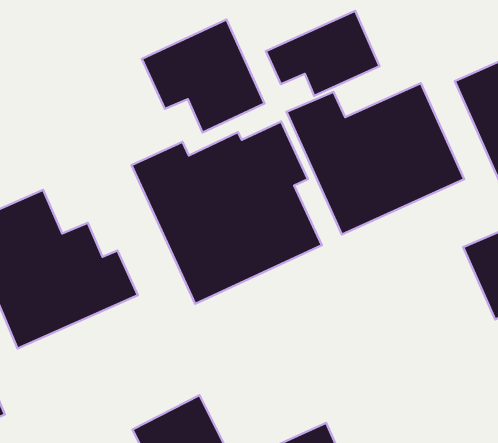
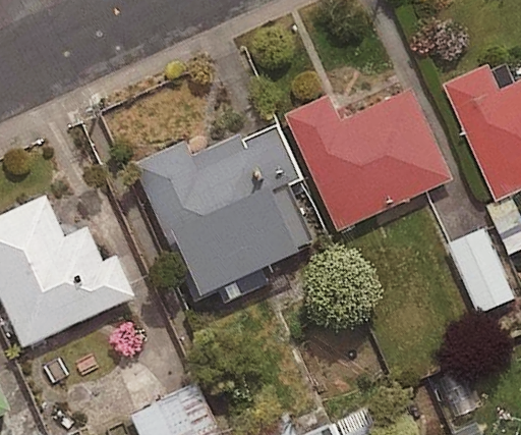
building: [266,11,379,96] -> none
building: [142,20,265,133] -> none

